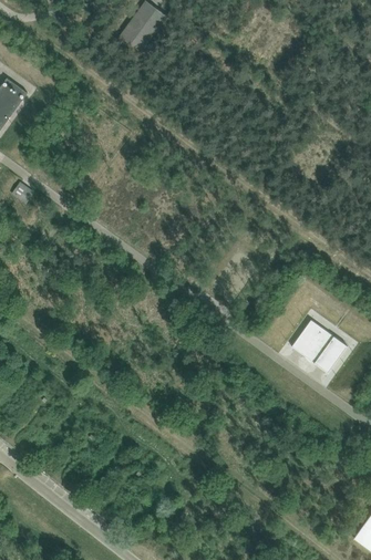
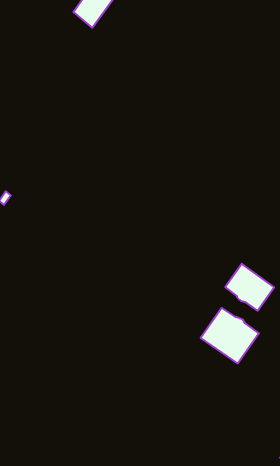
building: none -> [201,308,259,363]

